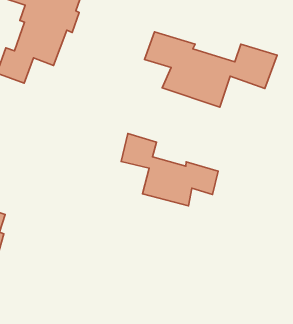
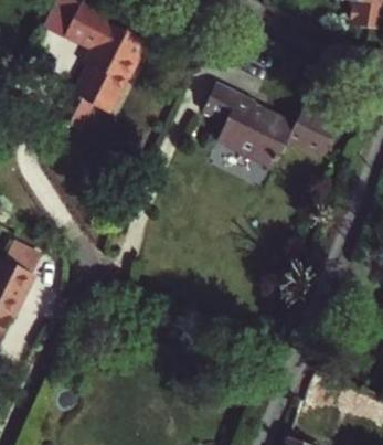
building: [121,134,218,206] -> none

